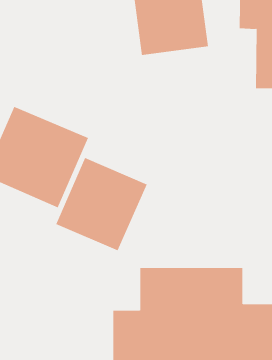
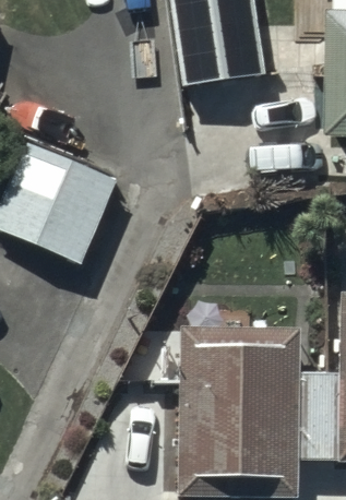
building: [55,157,148,251] -> none

